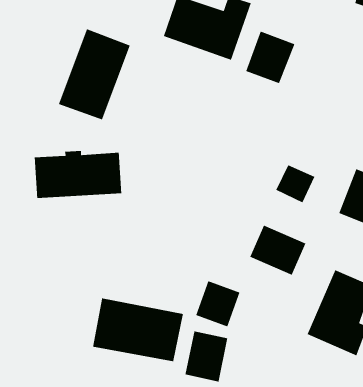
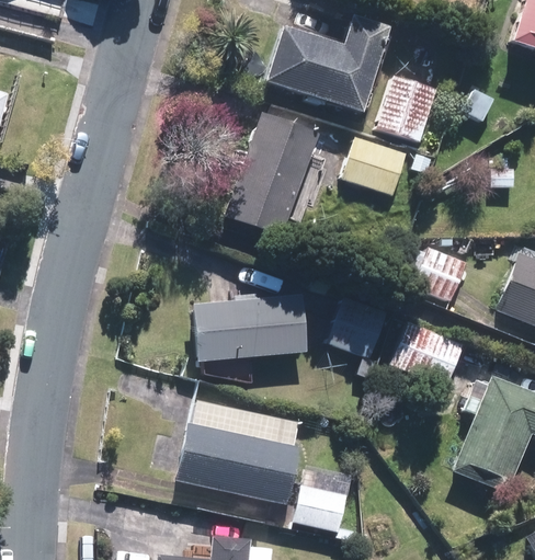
building: [58,28,131,121] -> [224,115,319,236]
building: none -> [343,139,403,193]
building: [34,150,122,199] -> [193,295,308,358]
building: [195,280,241,327] -> [319,302,378,364]

